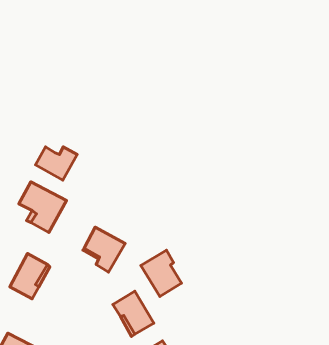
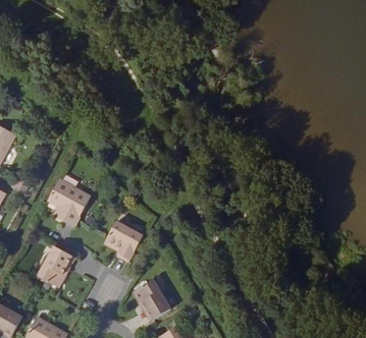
building: [35,147,77,180] -> none
building: [141,250,182,296] -> none

